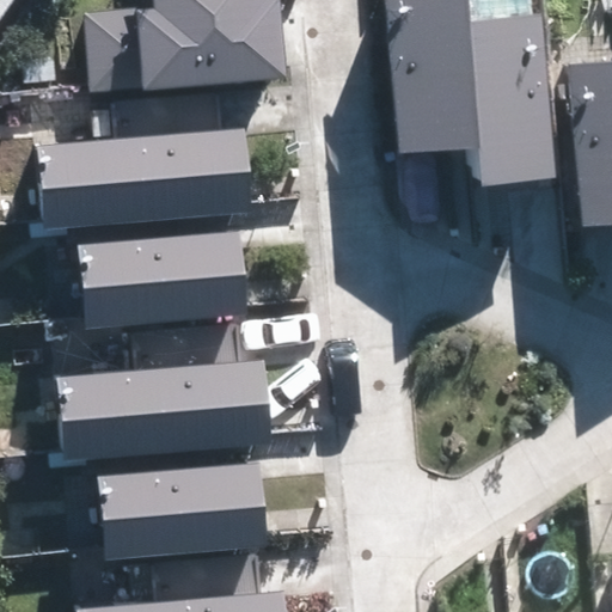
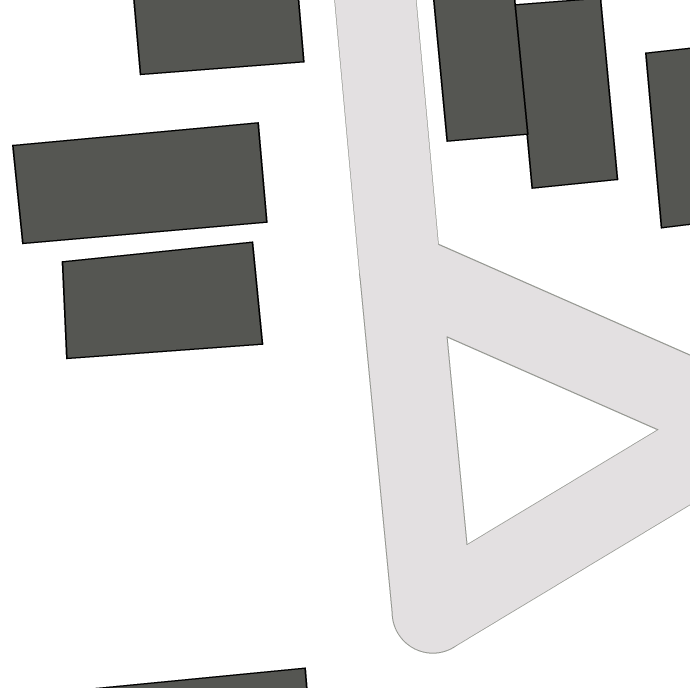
building: [56,359,271,459] -> none
building: [96,463,265,558] -> none

